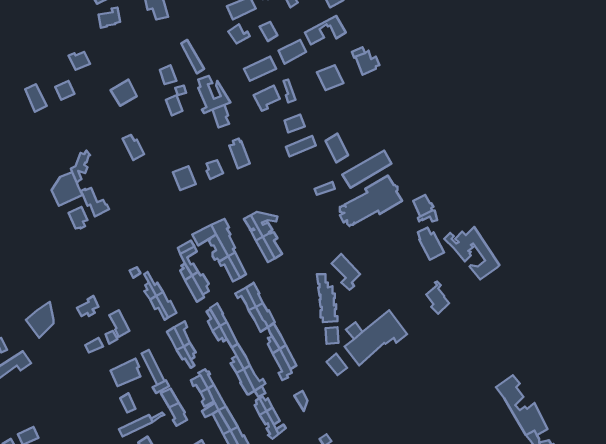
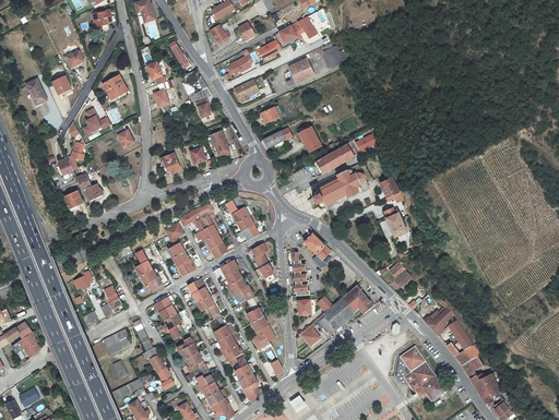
building: none -> [82,108,111,137]
building: [444,227,500,280] -> [421,307,472,355]
building: none -> [252,240,275,283]
building: [26,302,54,338] -> [12,332,37,364]
building: none -> [402,347,447,400]

